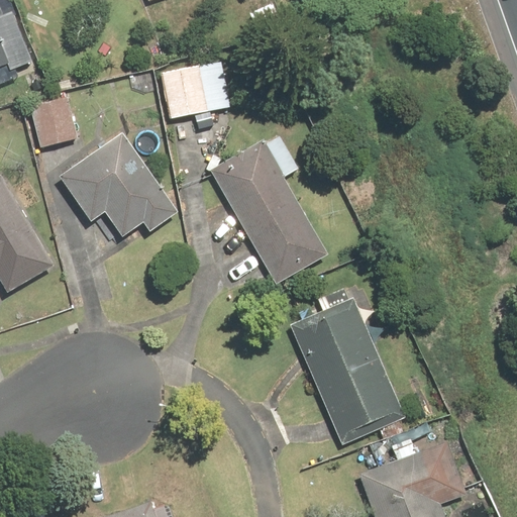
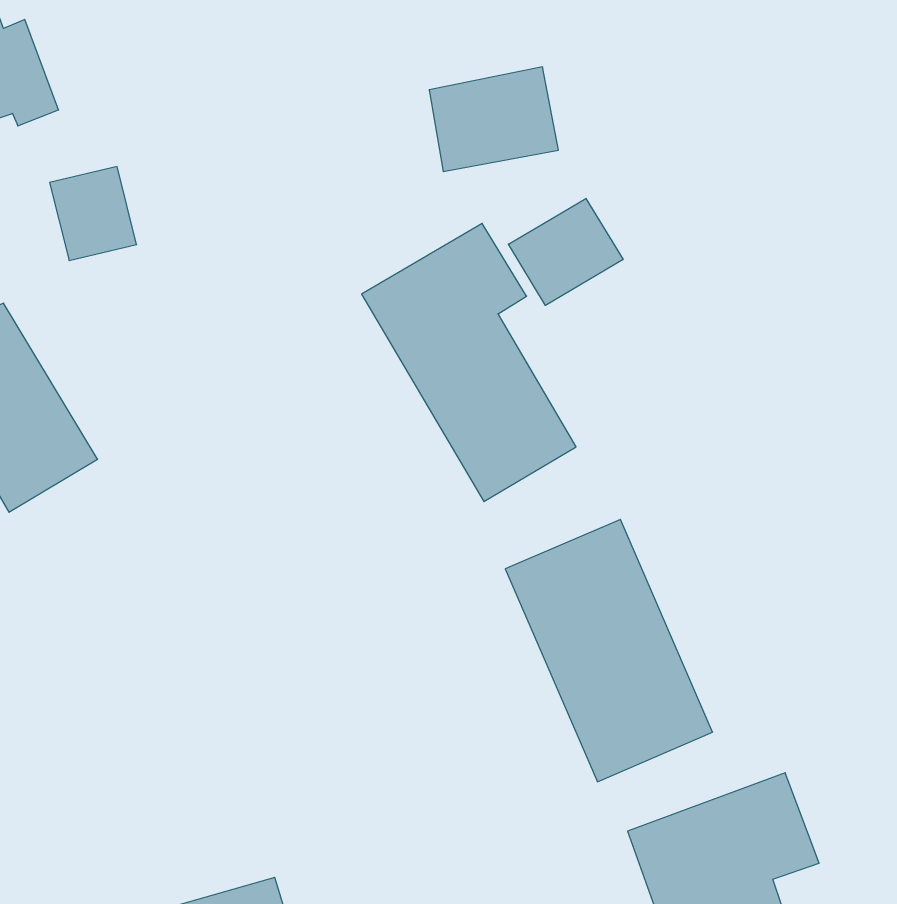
building: [158,61,231,120] -> [429,67,558,172]
building: none -> [508,198,623,305]
building: [58,130,180,237] -> none

